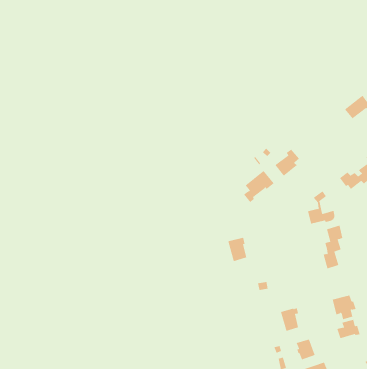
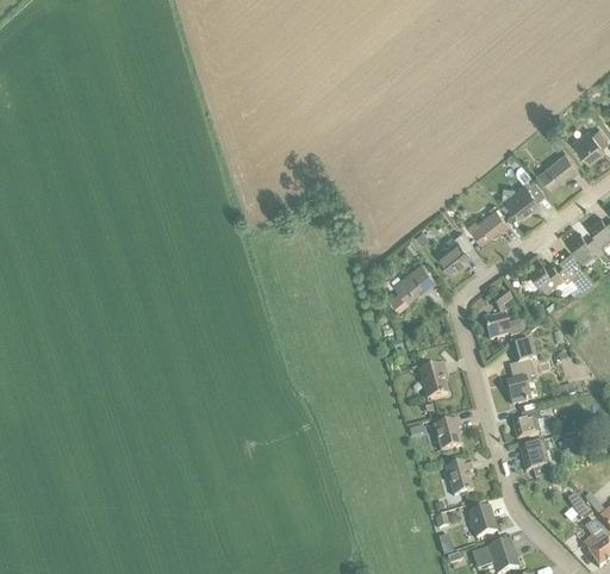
building: none -> [504,163,543,217]
building: none -> [465,207,506,242]
building: [227,237,247,262] -> [417,363,446,399]
building: none -> [432,419,459,450]
building: [337,319,360,339] -> [511,410,546,438]

